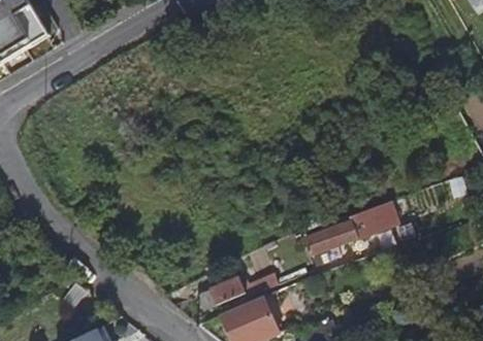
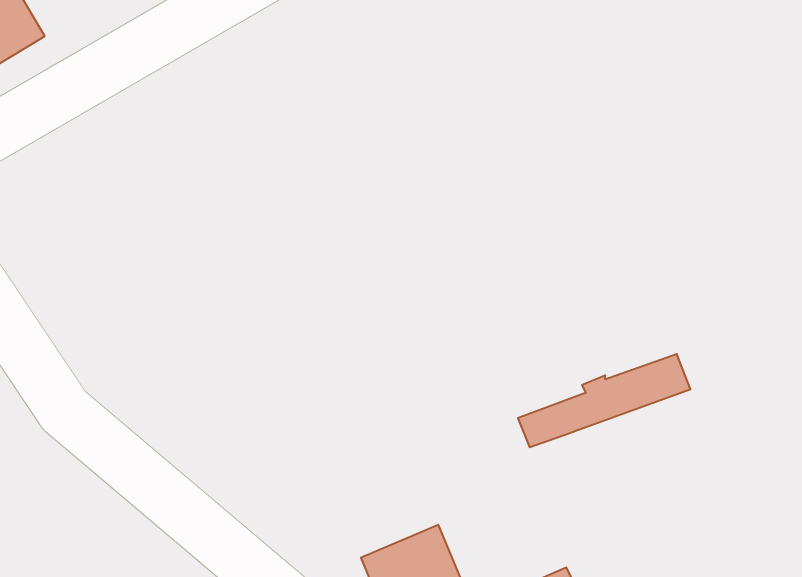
building: [195,272,277,310] -> none

